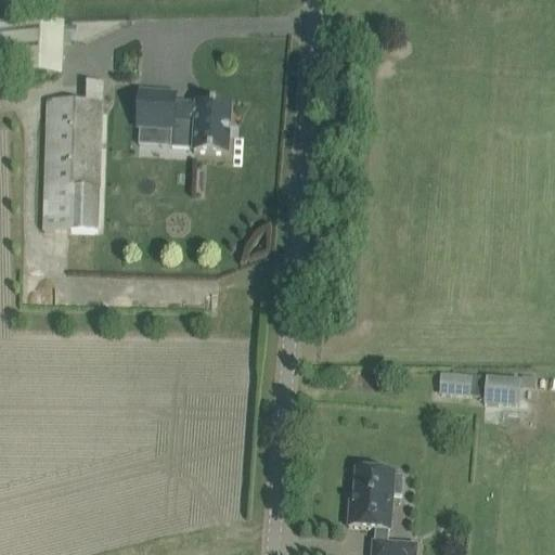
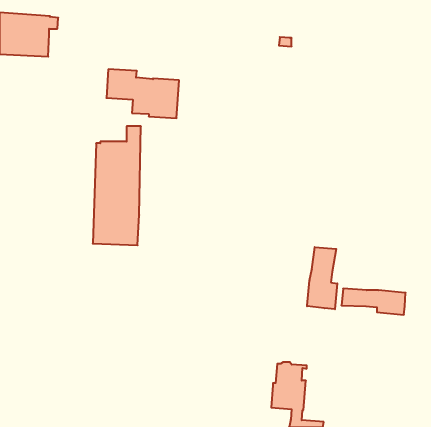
building: [41,78,103,231] -> [93,126,141,245]
building: none -> [307,247,337,309]

